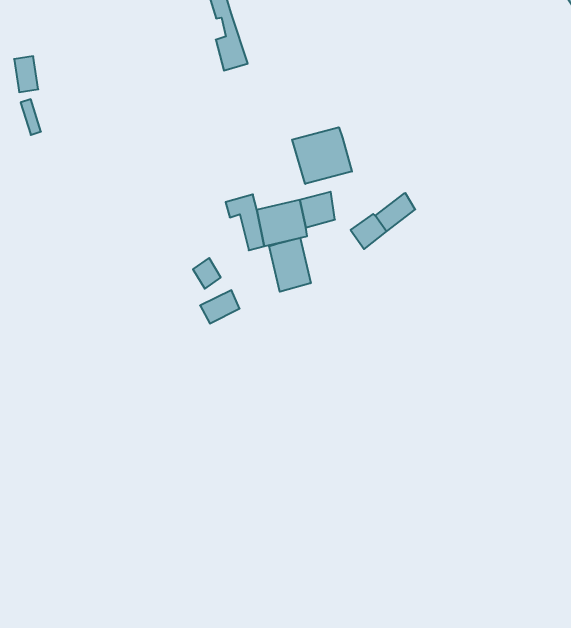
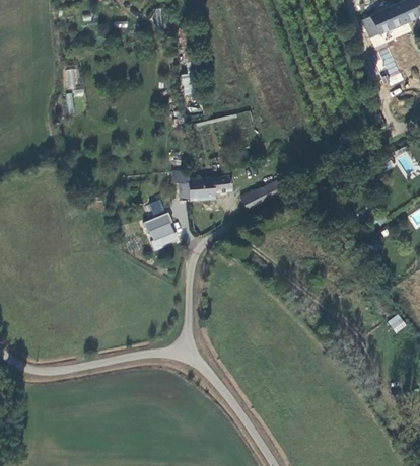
building: [292,127,352,184] -> none
building: [269,238,311,292] -> none

